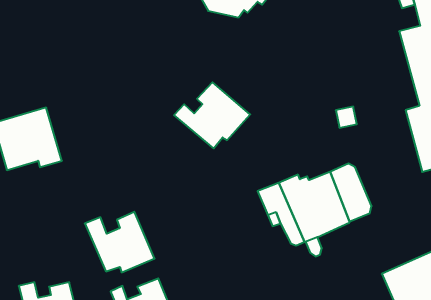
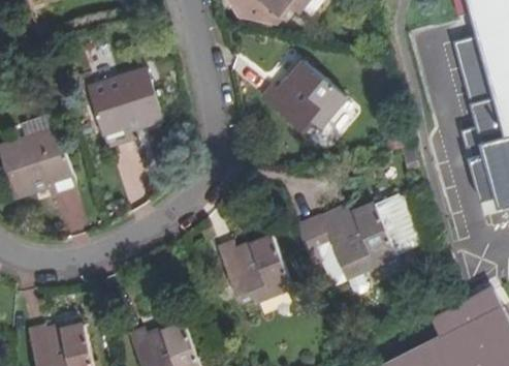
building: none -> [88,68,163,144]
building: [174,82,250,148] -> [261,60,347,134]
building: [85,212,155,272] -> [215,232,293,300]

